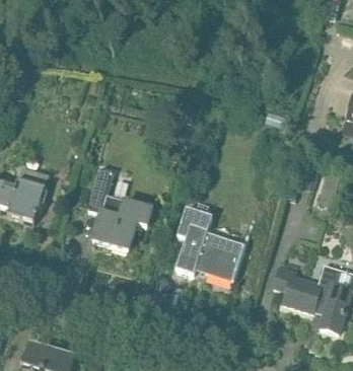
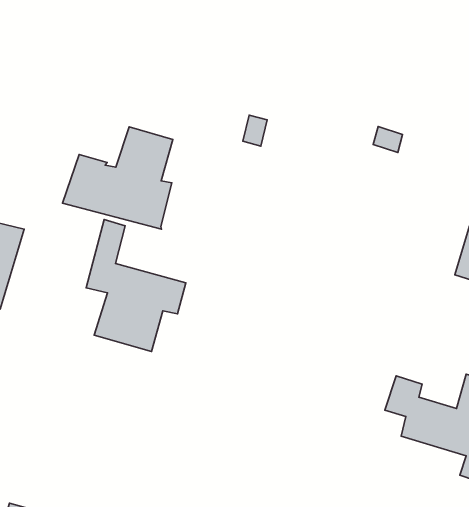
building: none -> [63,127,173,229]
building: [174,209,242,281] -> none

